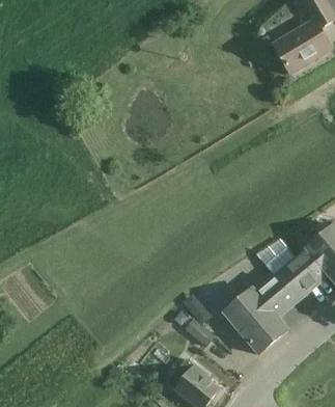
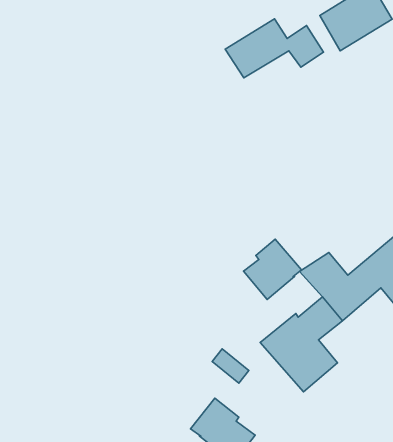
building: none -> [225,19,324,78]
building: none -> [243,239,301,300]

